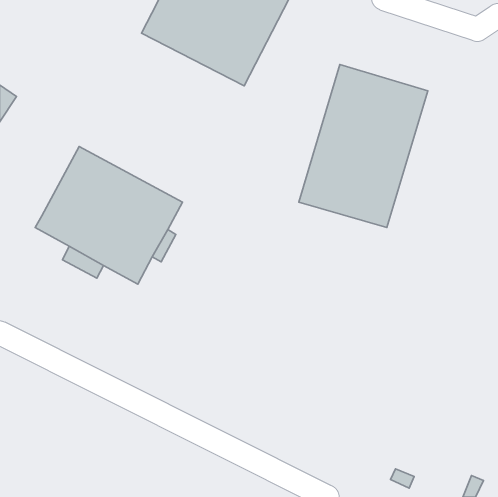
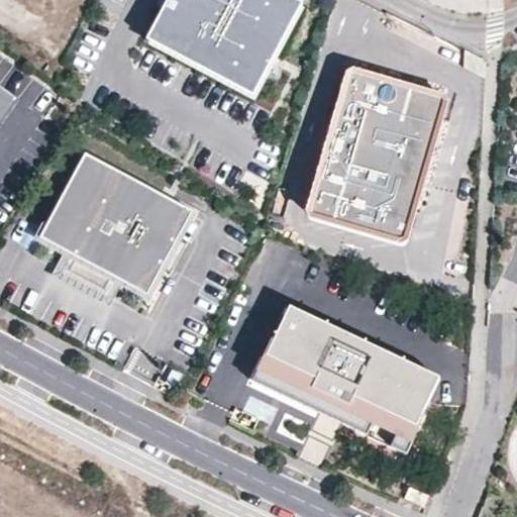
building: none -> [240,302,448,464]

